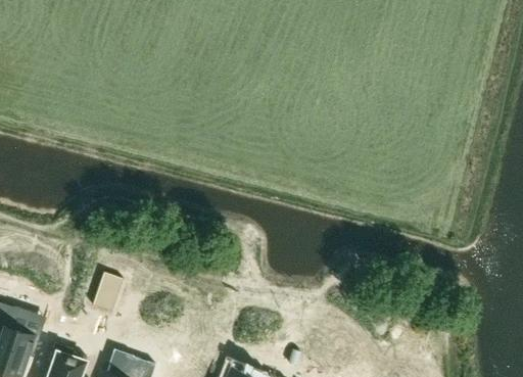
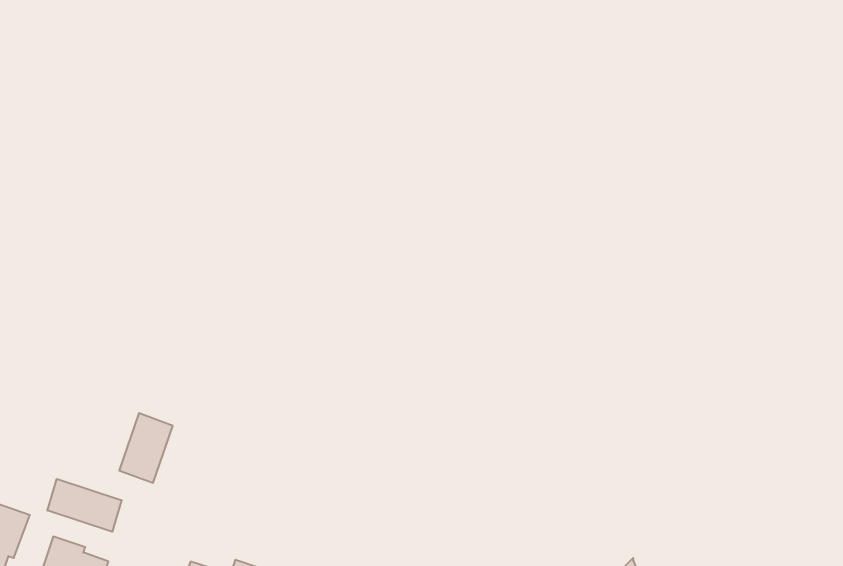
building: none -> [47,479,122,532]

